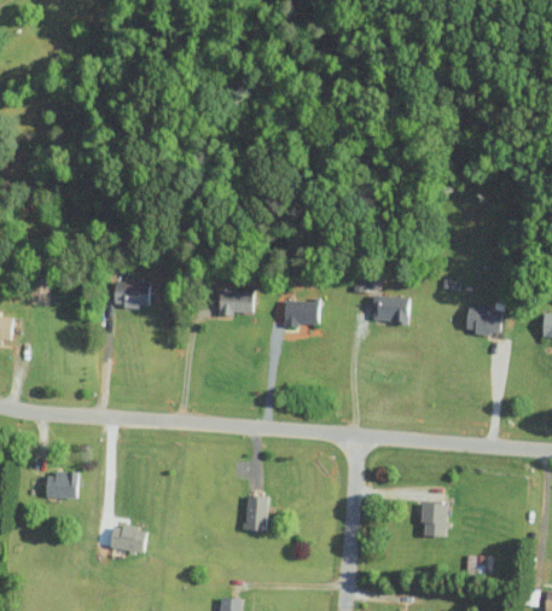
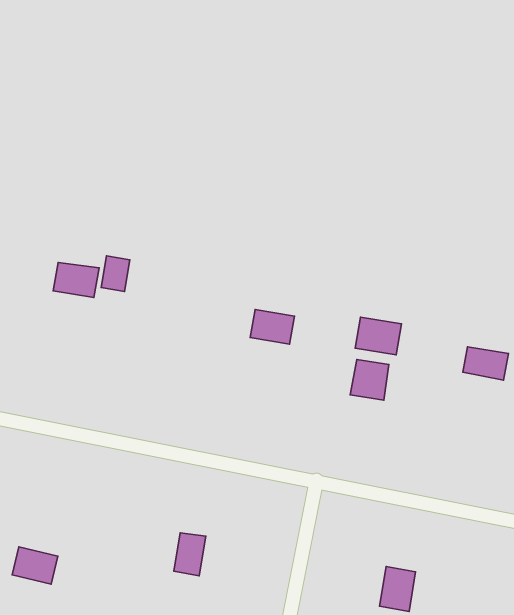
building: none -> [101,256,130,291]
building: [219,291,254,315] -> none
building: none -> [350,359,389,400]

